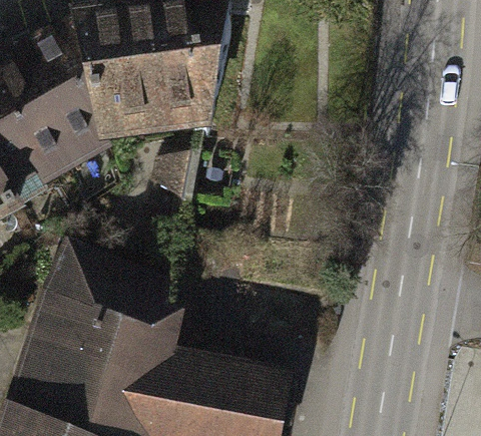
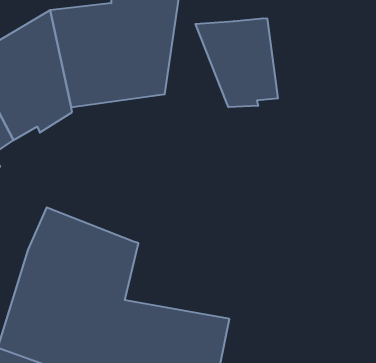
building: none -> [195,18,278,107]

